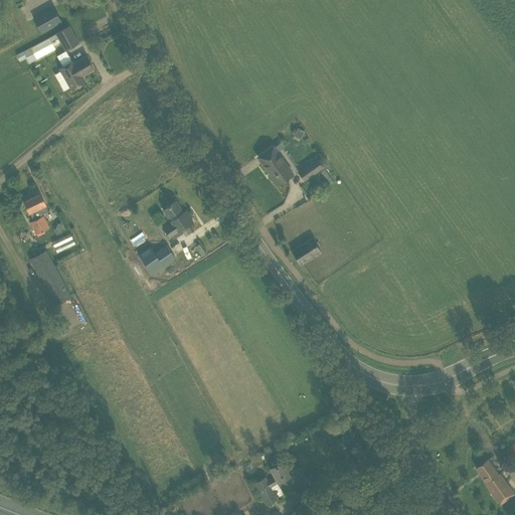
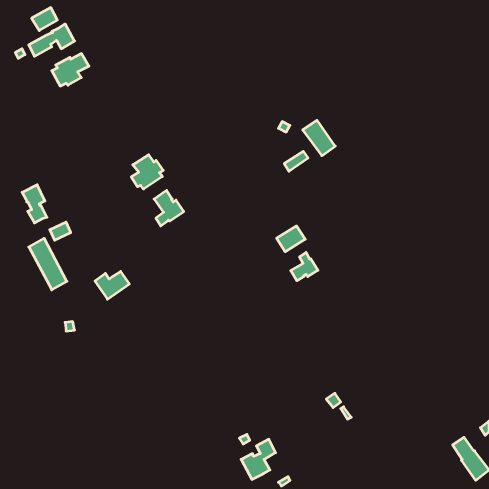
building: [258,147,292,184] -> [303,120,335,156]
building: none -> [131,155,163,189]
building: [139,245,175,275] -> [95,271,129,299]
building: none -> [291,252,318,281]

